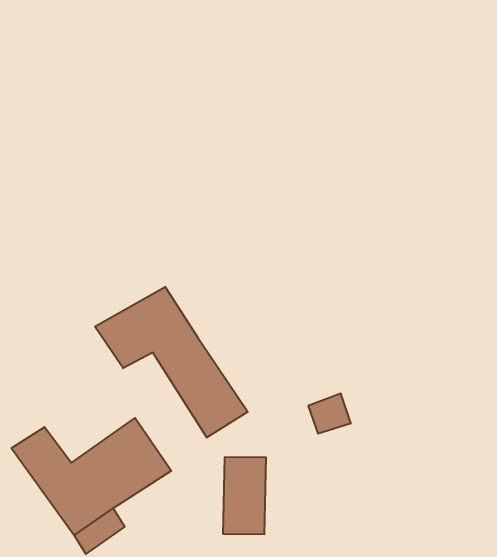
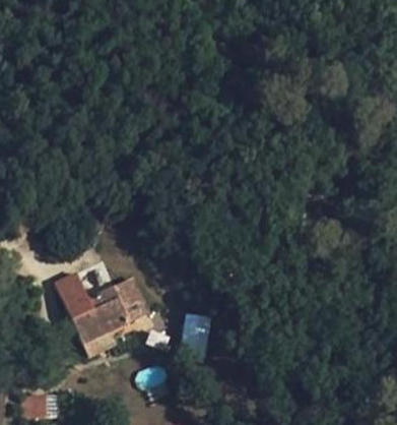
building: [95,287,248,438] -> none

